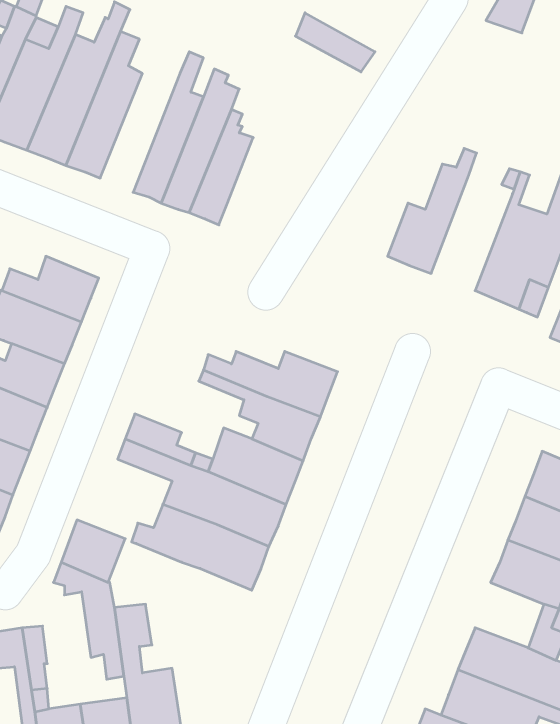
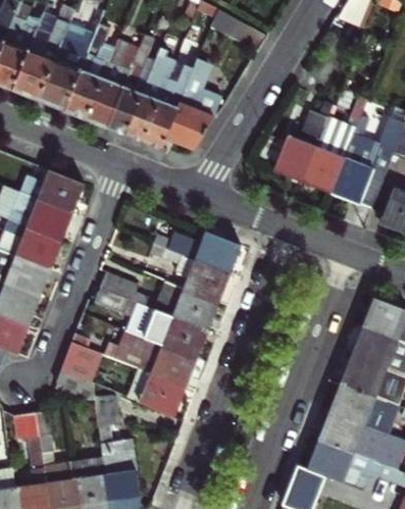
building: none -> [86,42,138,129]
building: none -> [168,59,219,149]
building: none -> [302,117,355,193]
building: none -> [128,370,185,417]
building: none -> [331,384,375,426]

